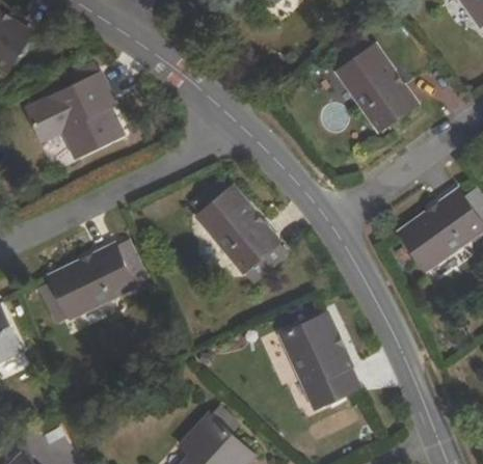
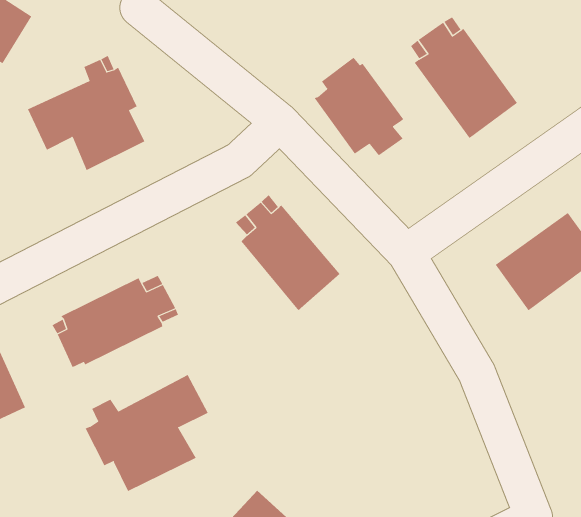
building: none -> [314,57,404,156]
building: [281,316,360,410] -> none
building: none -> [85,374,209,492]

